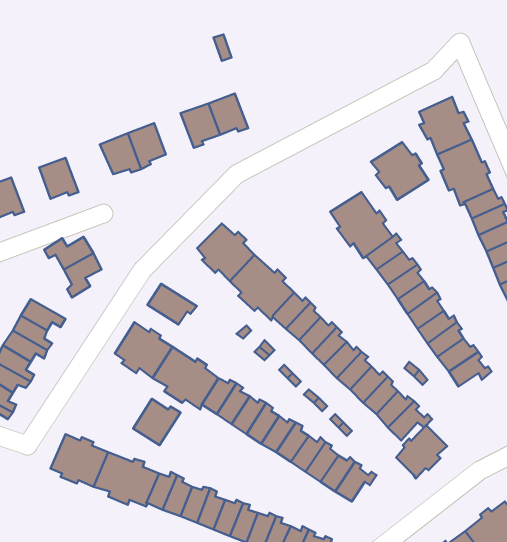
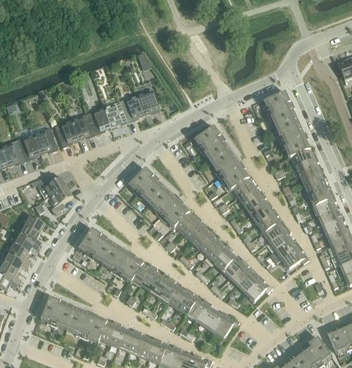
building: none -> [104,102,128,127]
building: [371,142,429,200] -> [195,127,230,162]
building: none -> [55,121,79,148]
building: none -> [17,135,41,162]
building: [147,284,197,324] -> none
building: [133,399,180,445] -> none
building: [396,425,447,478] -> none

